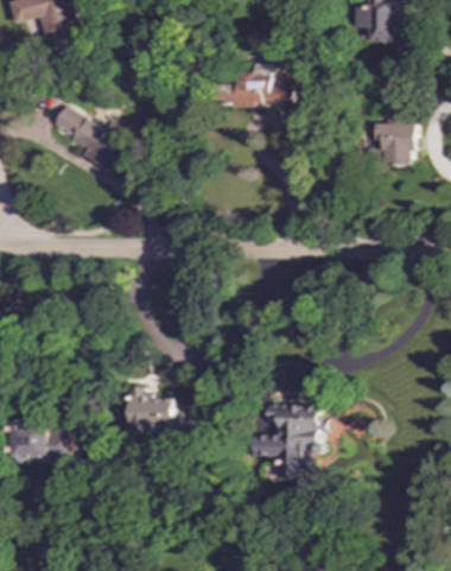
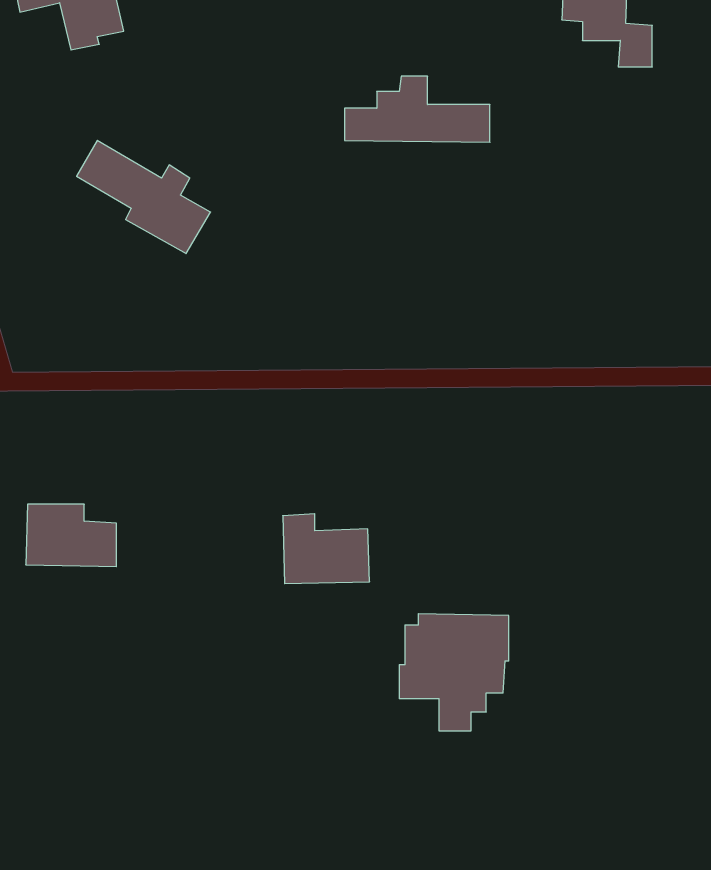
building: [369,103,417,166] -> none
building: [123,386,178,430] -> [283,514,370,584]
building: [13,420,70,459] -> [26,504,116,567]

